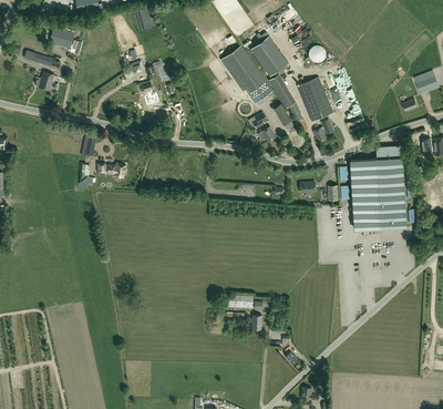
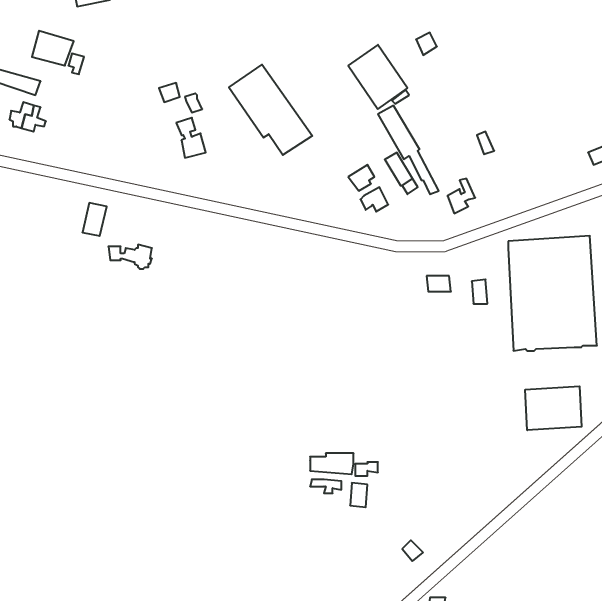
building: [219,44,272,102] -> [229,65,312,155]
building: [296,76,332,121] -> none
building: none -> [525,386,582,430]

